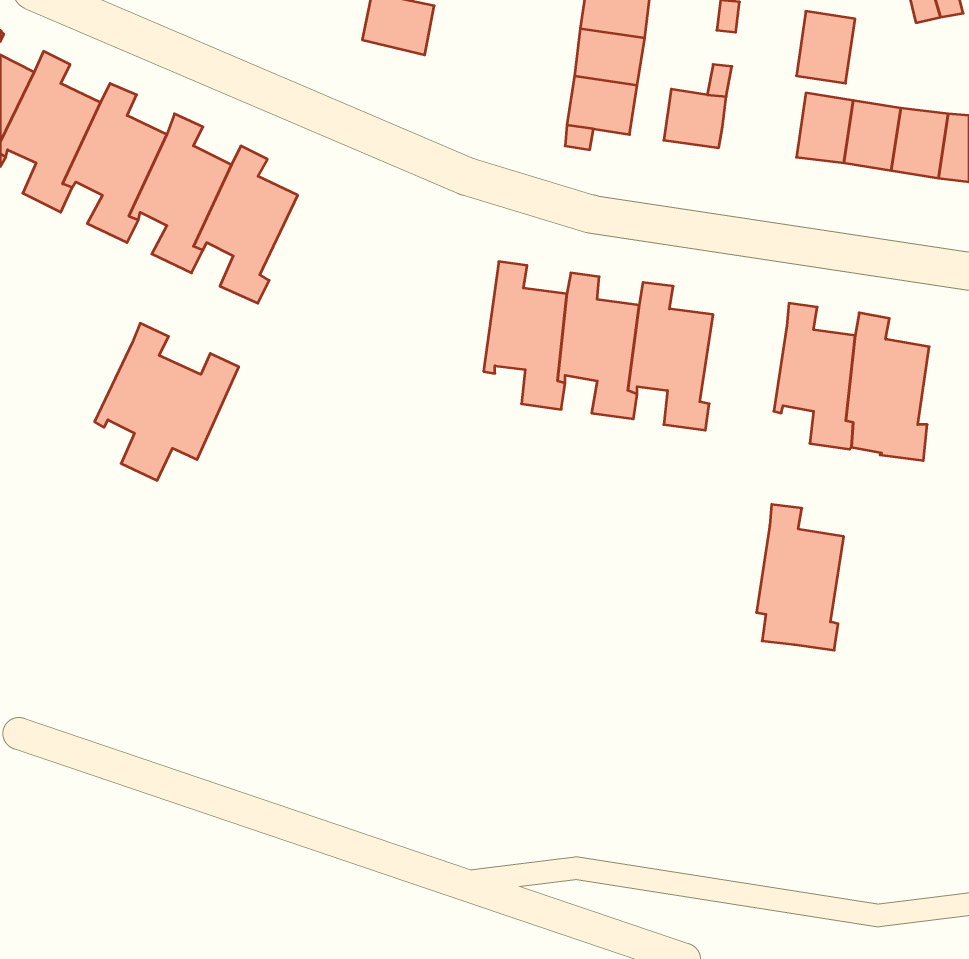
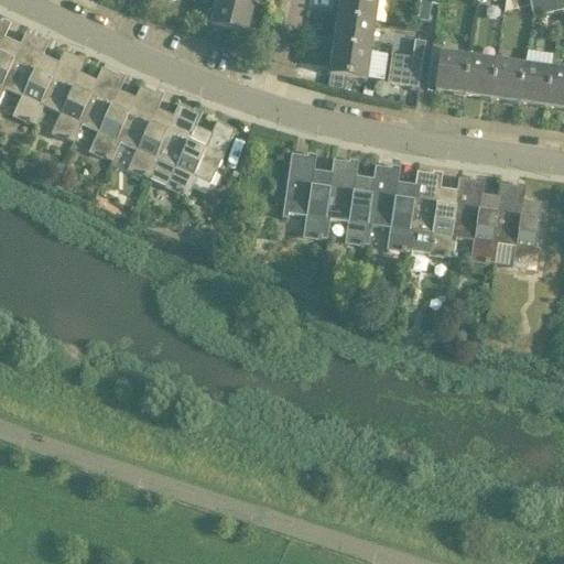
building: [796,11,855,83] -> [434,50,468,91]
building: [95,323,239,480] -> [151,102,235,194]
building: [756,504,844,650] -> [406,171,457,256]

